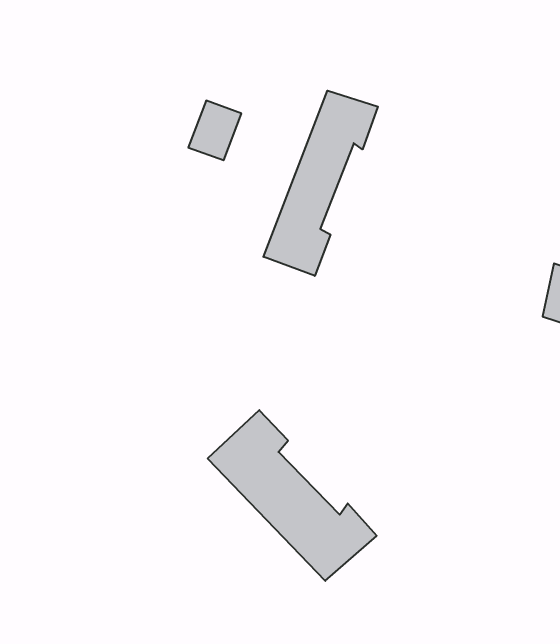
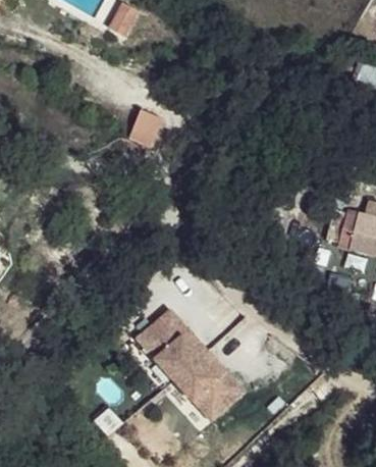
building: [263,91,378,276] -> none

